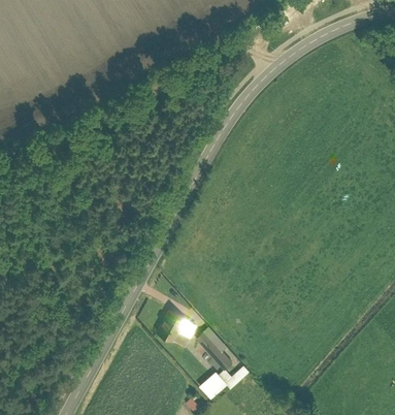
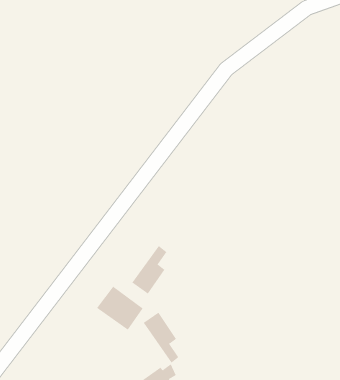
building: none -> [131,245,167,295]

